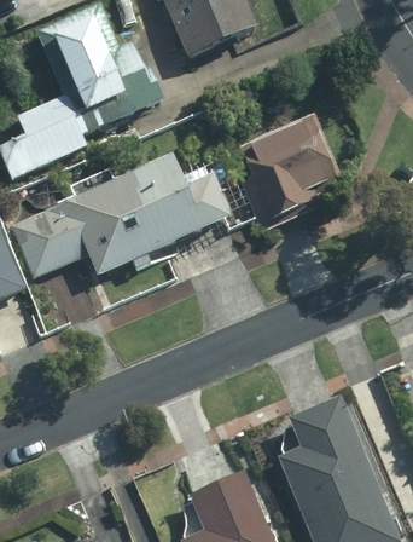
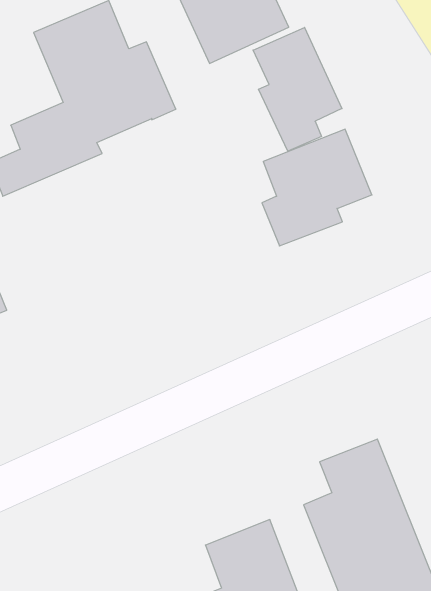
building: none -> [253,27,342,151]
building: [10,152,232,277] -> none

